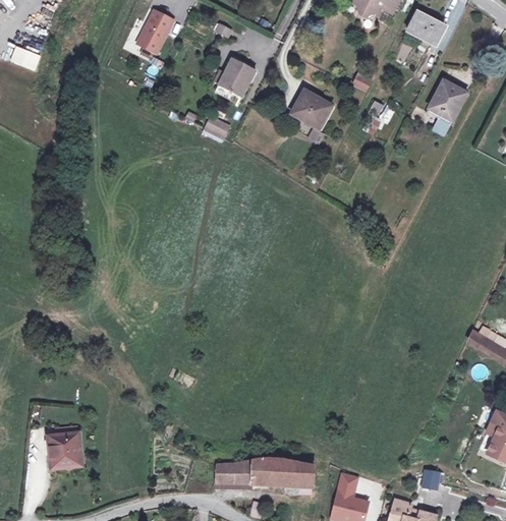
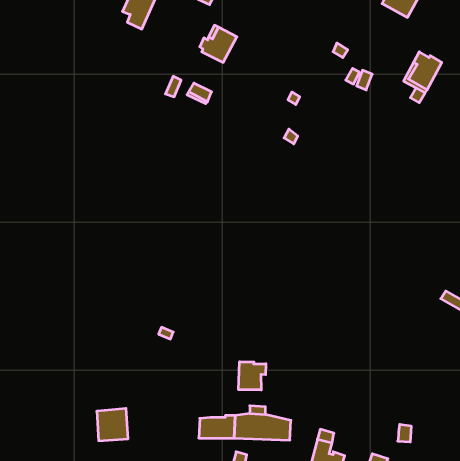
building: [289,91,331,124] -> none
building: none -> [239,362,266,390]
building: [49,435,81,468] -> [97,408,128,441]

